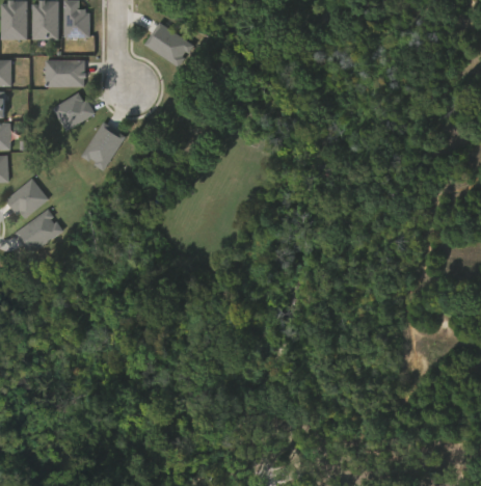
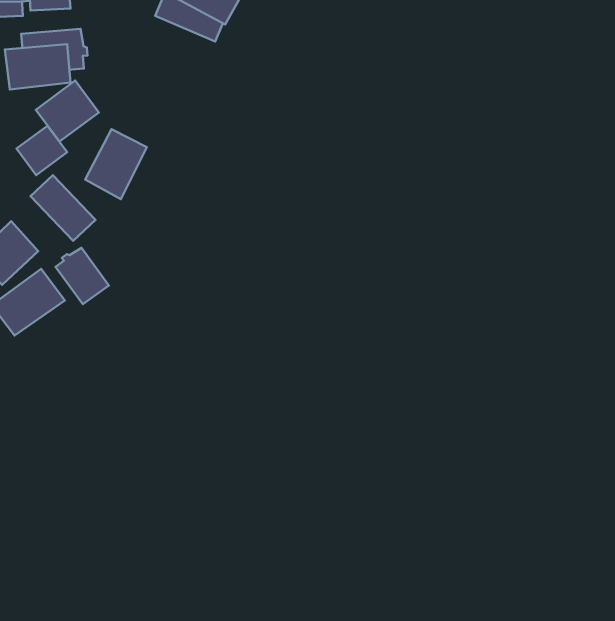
building: none -> [17,126,67,175]
building: none -> [31,175,96,241]
building: none -> [56,248,109,304]

